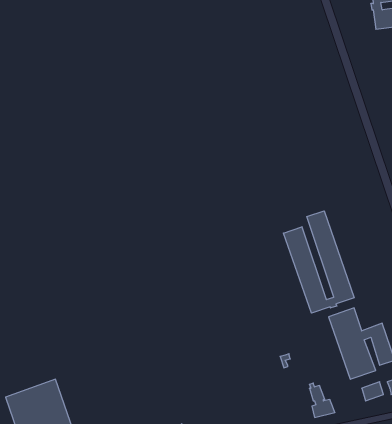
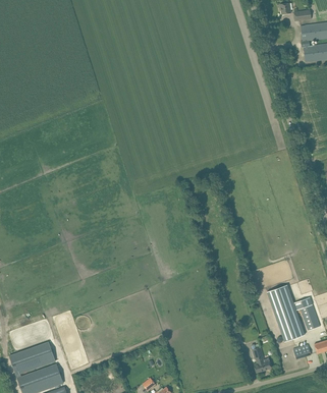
building: [283,211,354,313] -> none

